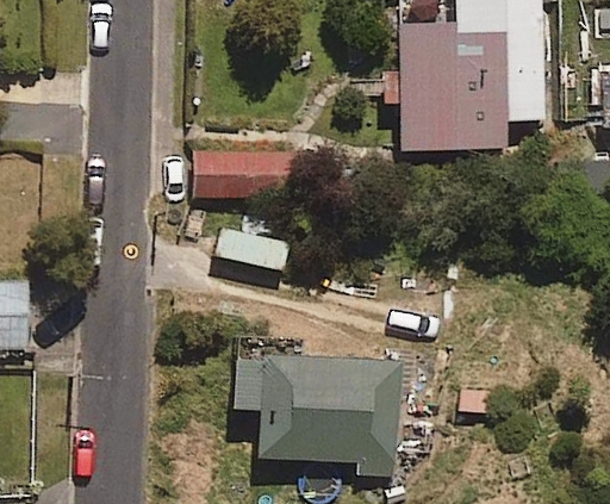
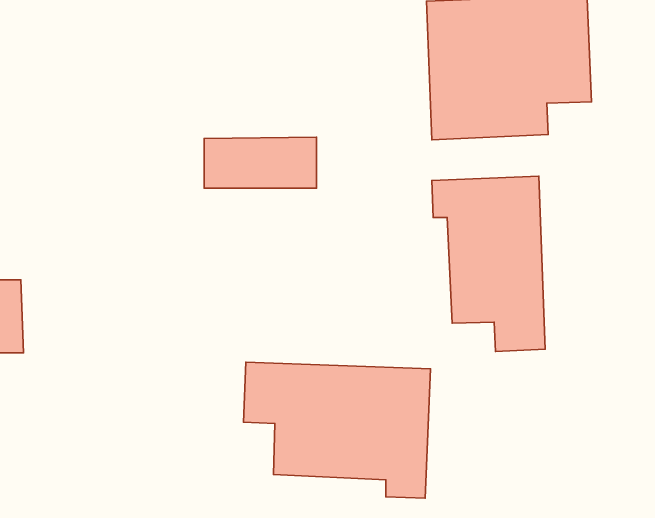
building: none -> [432,176,545,352]

